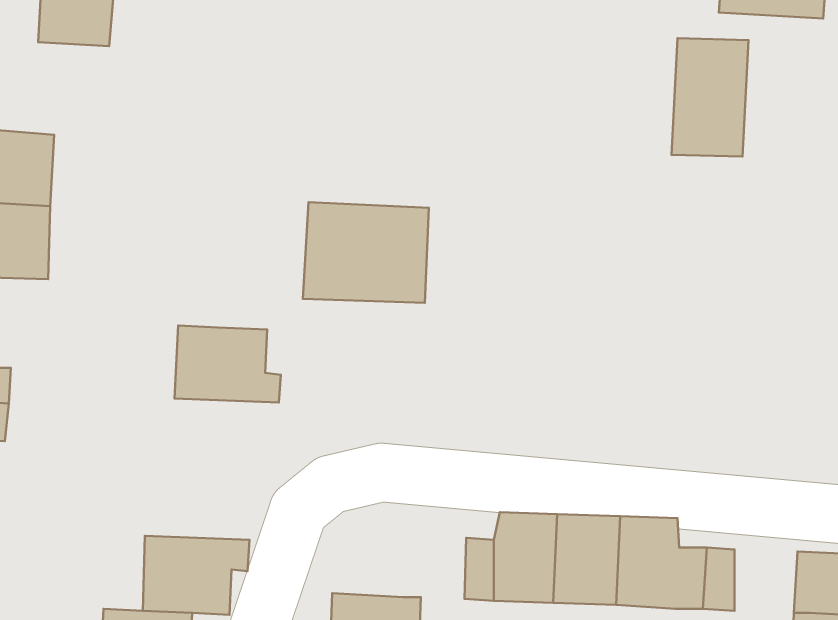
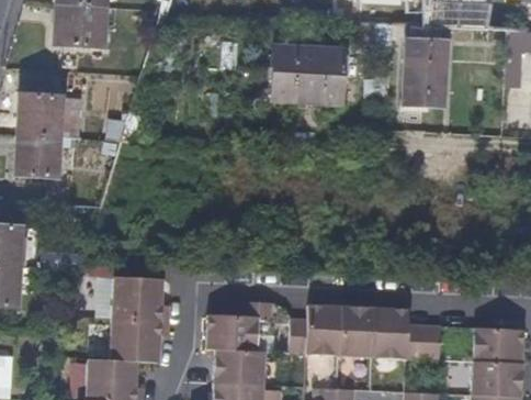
building: [303,202,429,303] -> [269,47,339,103]
building: [174,326,281,403] -> [112,278,171,321]
building: none -> [207,302,275,353]

